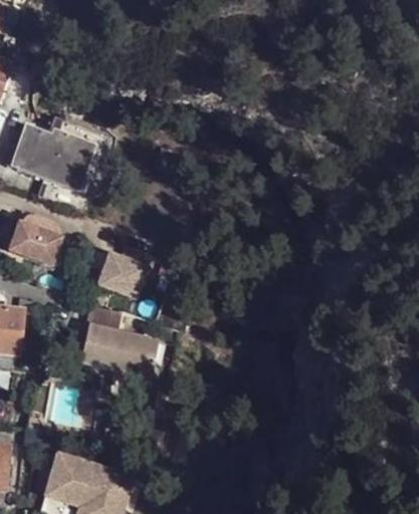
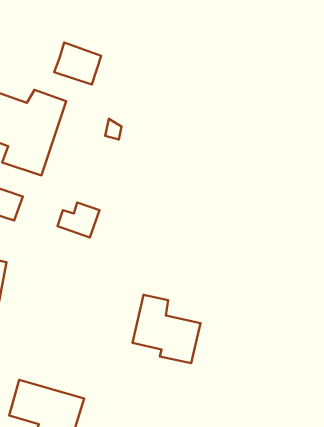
building: none -> [54,43,101,85]
building: [78,306,159,387] -> [133,295,201,363]

